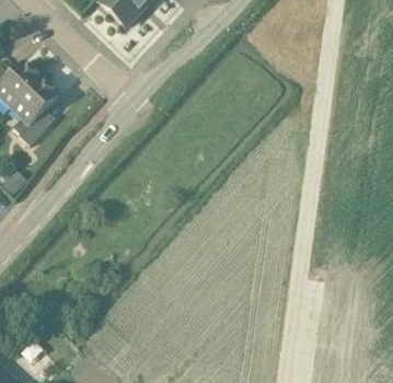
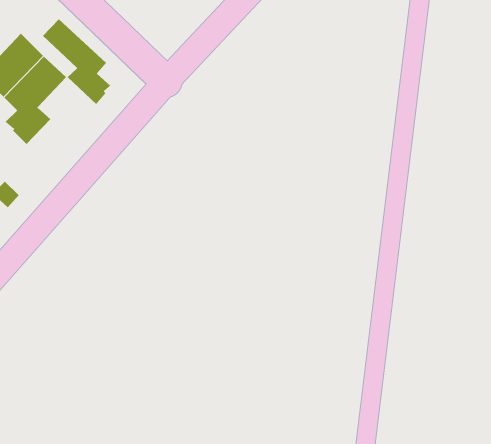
building: none -> [42,18,111,105]

